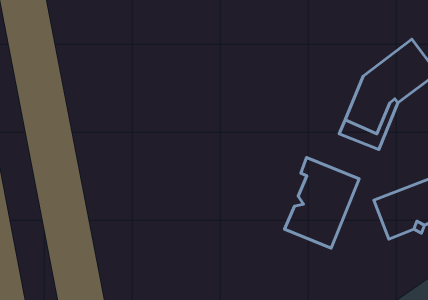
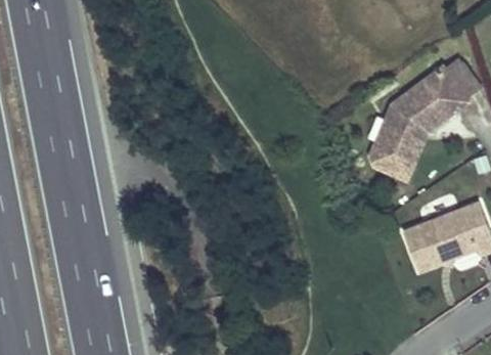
building: [285,158,359,248] -> none

